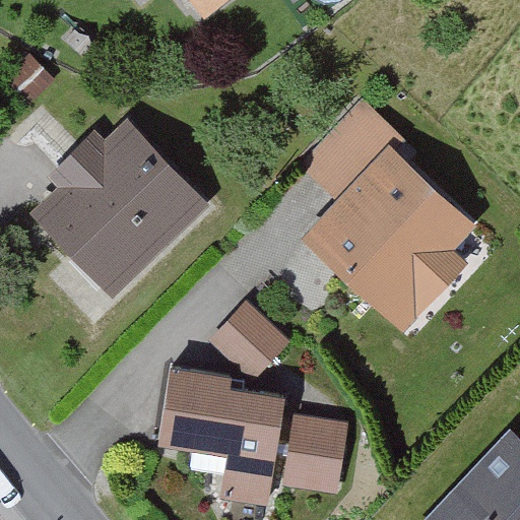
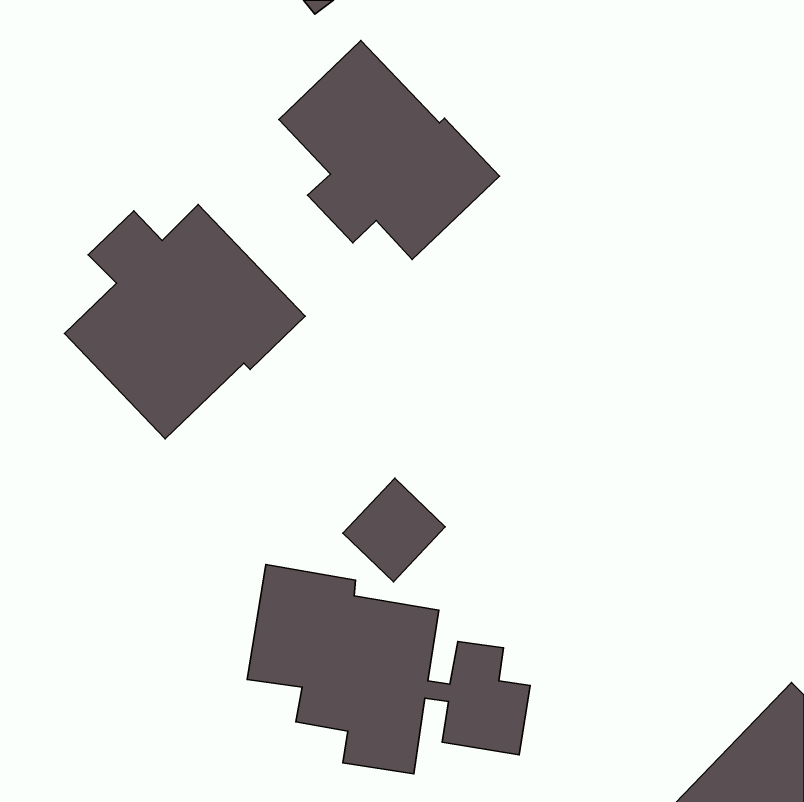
building: none -> [279,41,499,260]
building: [312,105,464,321] -> none

